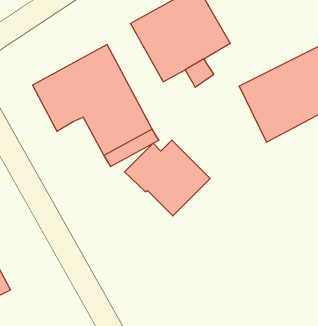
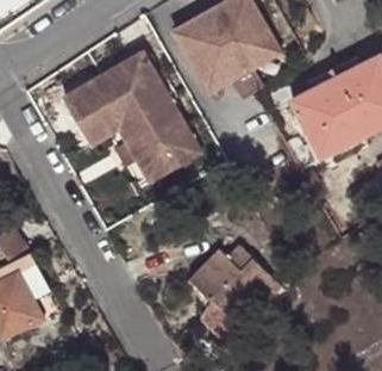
building: [124,140,210,216] -> [186,243,278,326]

